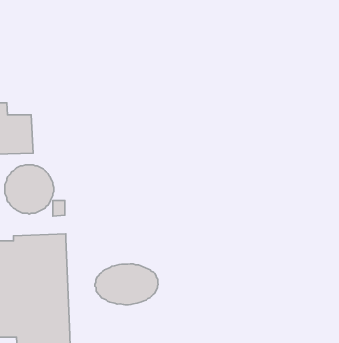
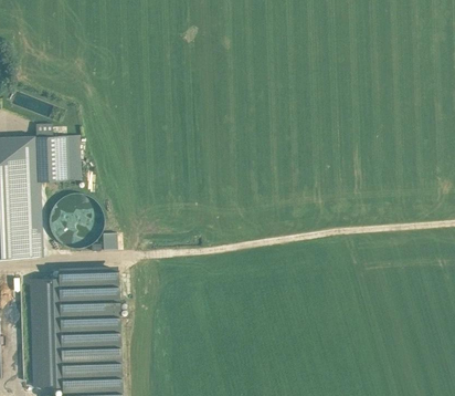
building: [95,264,158,305] -> none

